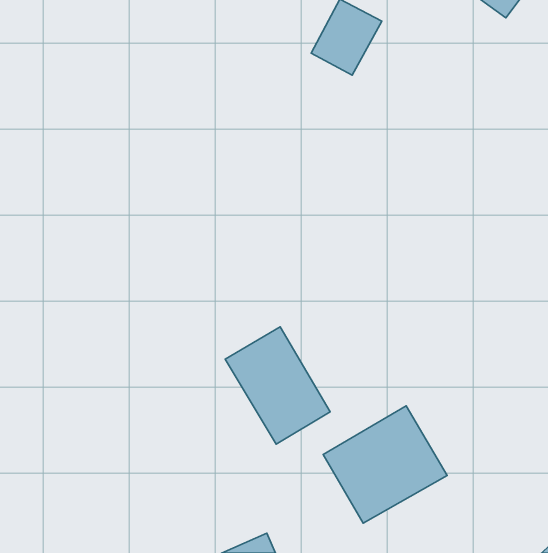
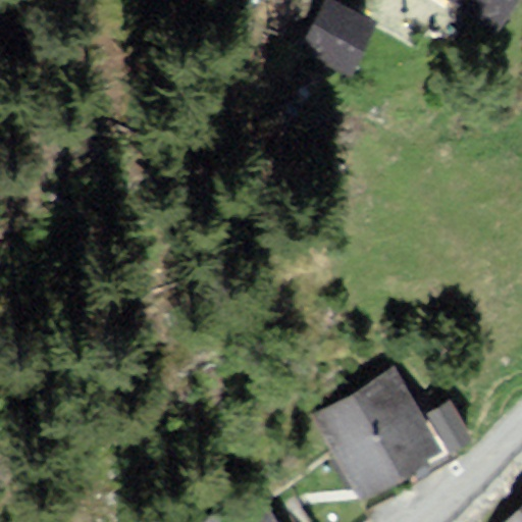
building: [225,327,330,444] -> none

